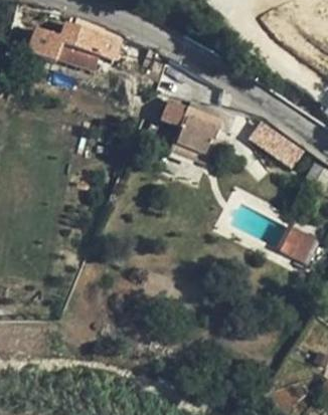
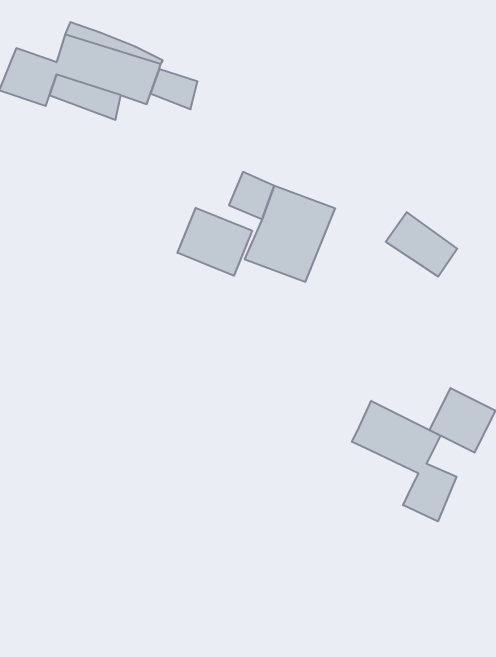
building: none -> [177,208,252,276]
building: none -> [352,401,456,521]

